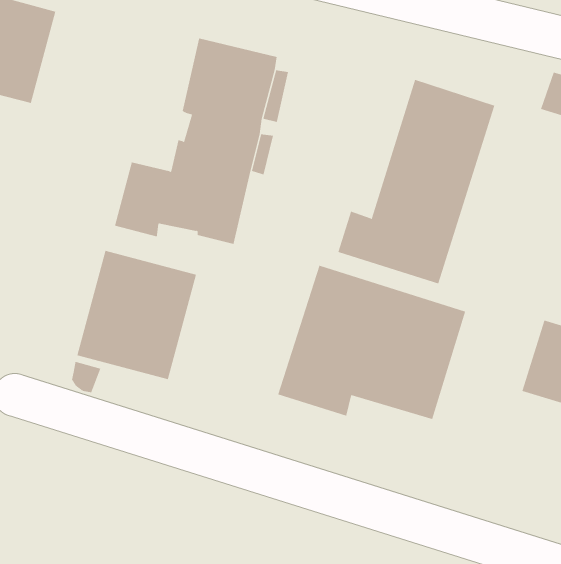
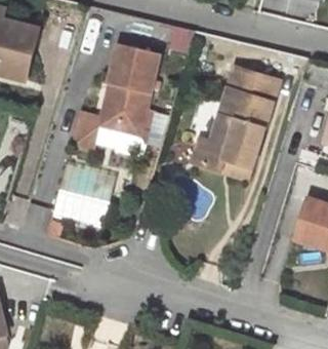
building: [278,265,466,420] -> none

